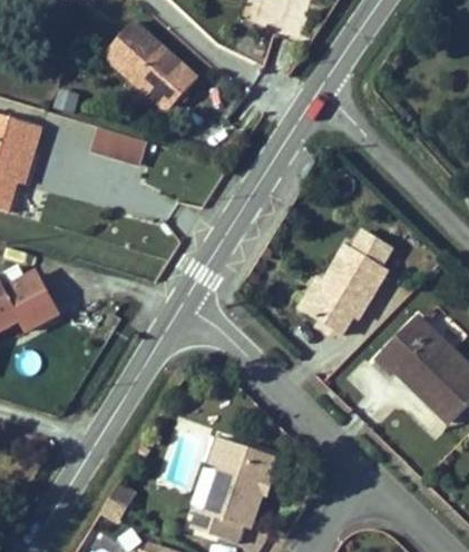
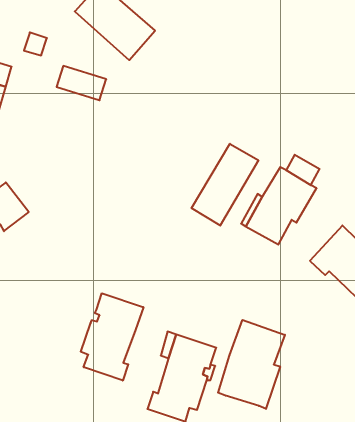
building: none -> [192,144,258,226]
building: none -> [81,293,143,381]
building: none -> [218,320,285,409]

